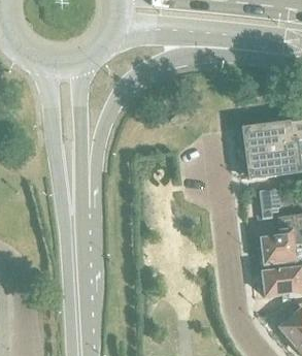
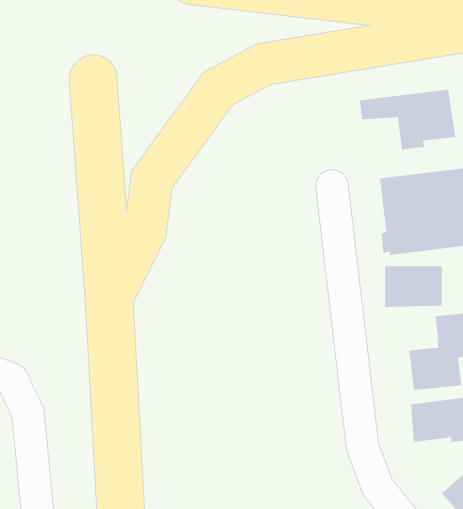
building: none -> [359,89,456,150]

